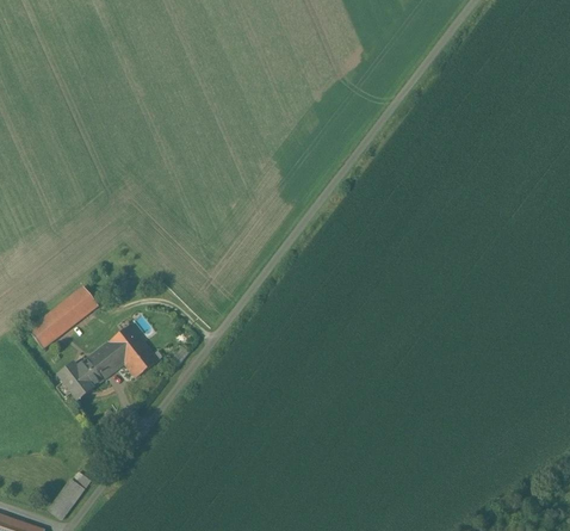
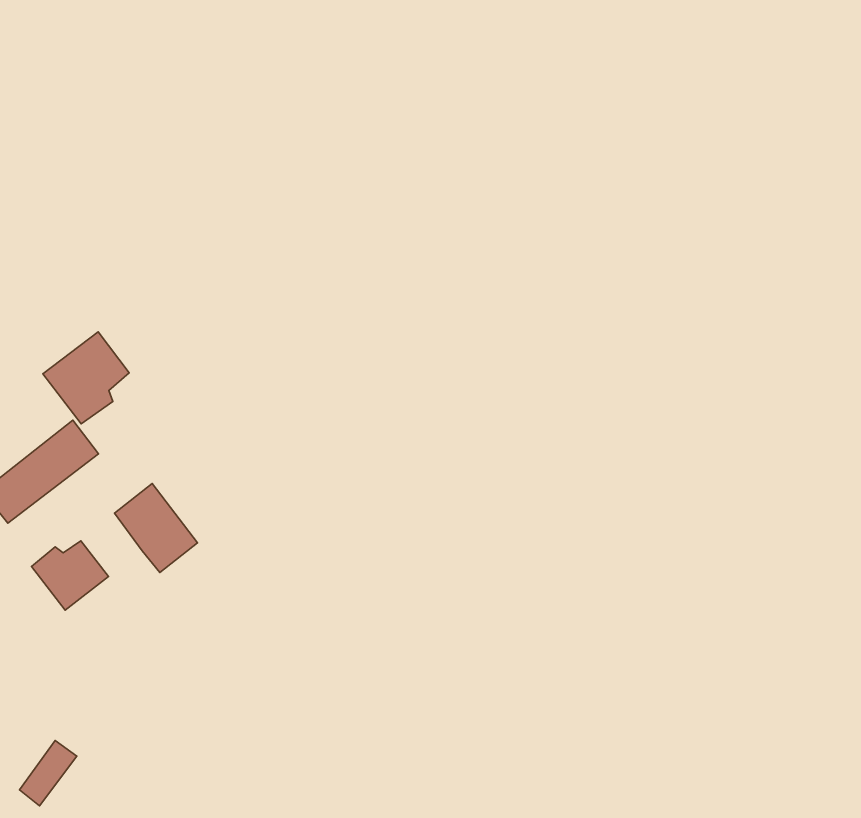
building: none -> [43,332,129,424]
building: [87,341,124,379] -> none

